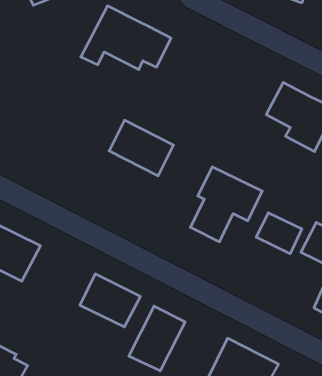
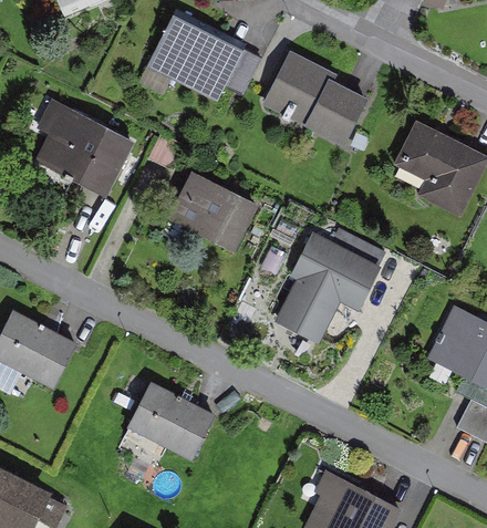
building: none -> [263,53,363,143]
building: none -> [40,104,134,194]
building: [256,213,302,254] -> none
building: [129,306,185,371] -> none

